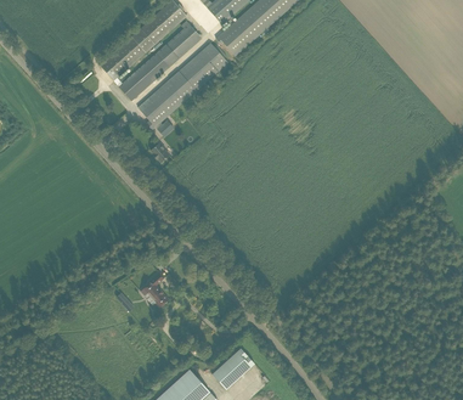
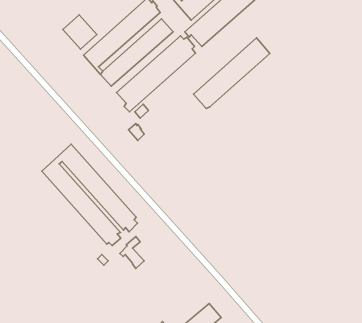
building: none -> [63,15,97,49]
building: none -> [194,38,270,108]
building: none -> [42,144,137,246]

